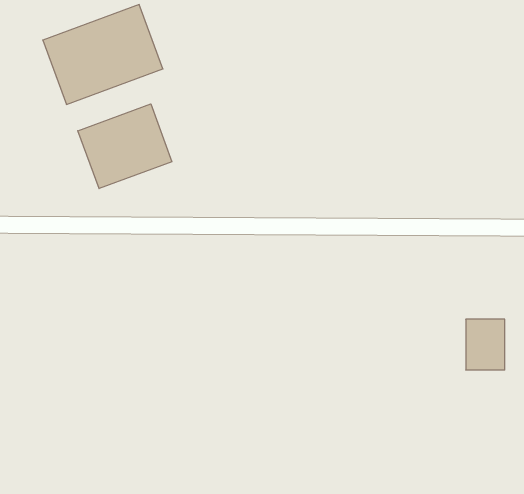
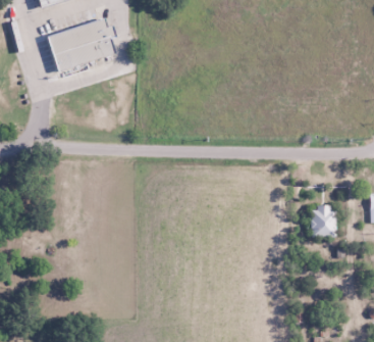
building: [78,104,172,189] -> none

